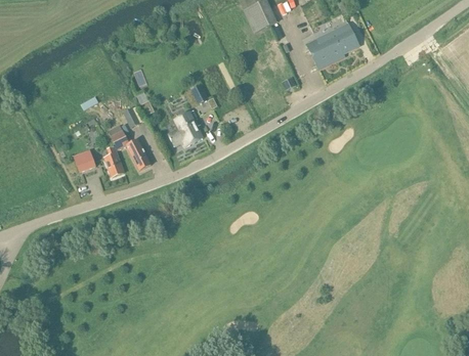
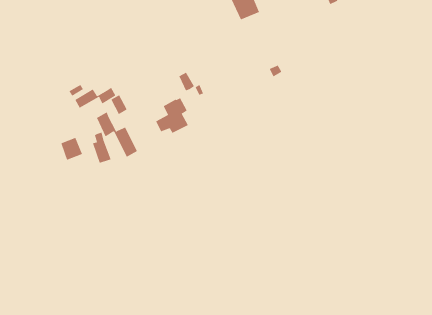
building: [306,23,359,68] -> none
building: none -> [75,87,116,109]

